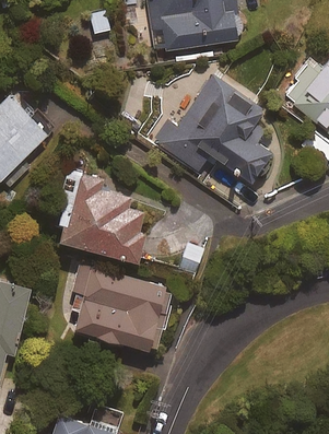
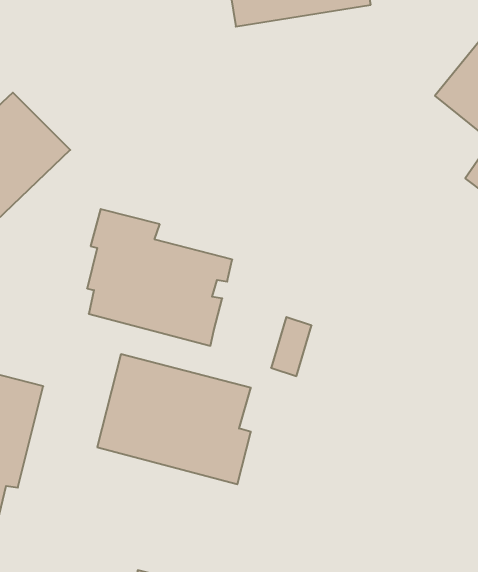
building: [152,77,271,180] -> none

